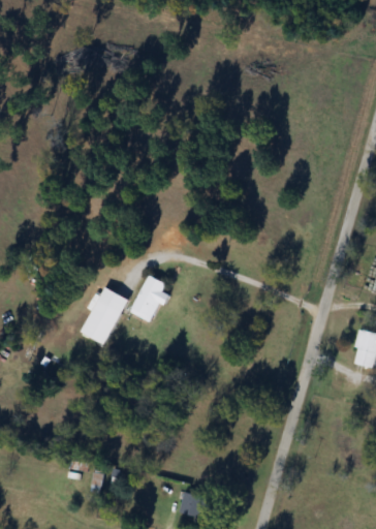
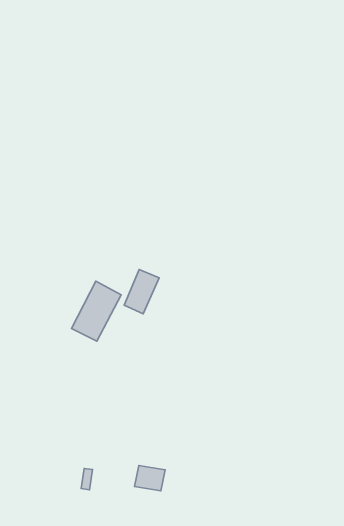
building: [179,493,209,518] -> [135,466,165,491]

